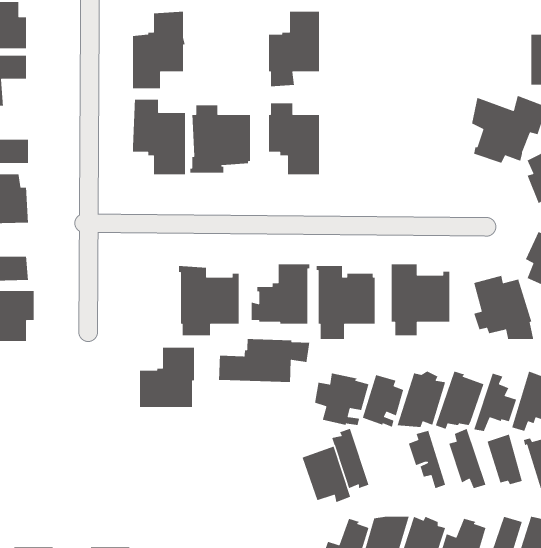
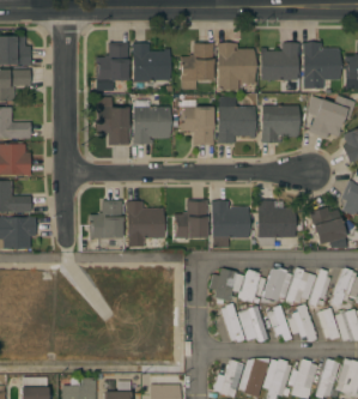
building: none -> [217,43,255,90]
building: none -> [261,43,298,80]
building: none -> [303,43,340,89]
building: none -> [132,44,170,83]
building: none -> [218,96,255,144]
building: none -> [261,105,299,143]
building: [218,338,310,383] -> none
building: [139,347,195,408] -> [87,200,122,238]
building: [301,446,351,503] -> [237,306,268,341]

